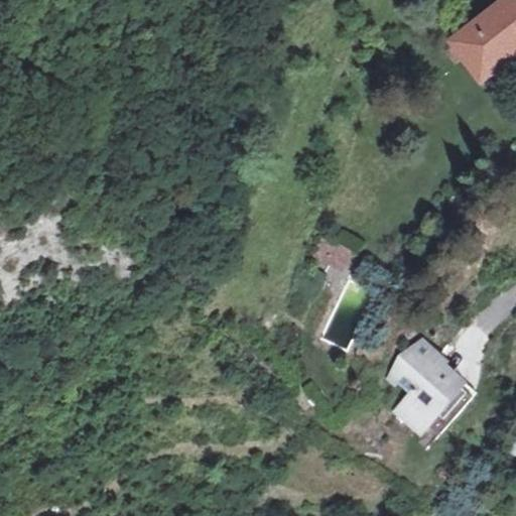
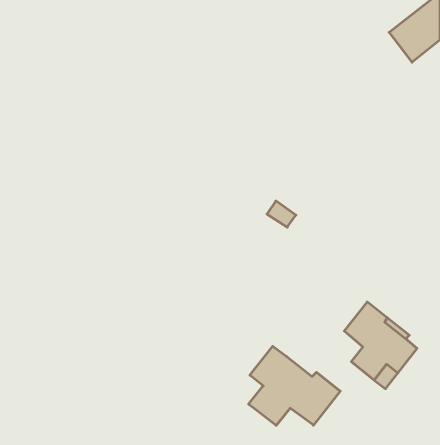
building: none -> [249,346,340,425]

